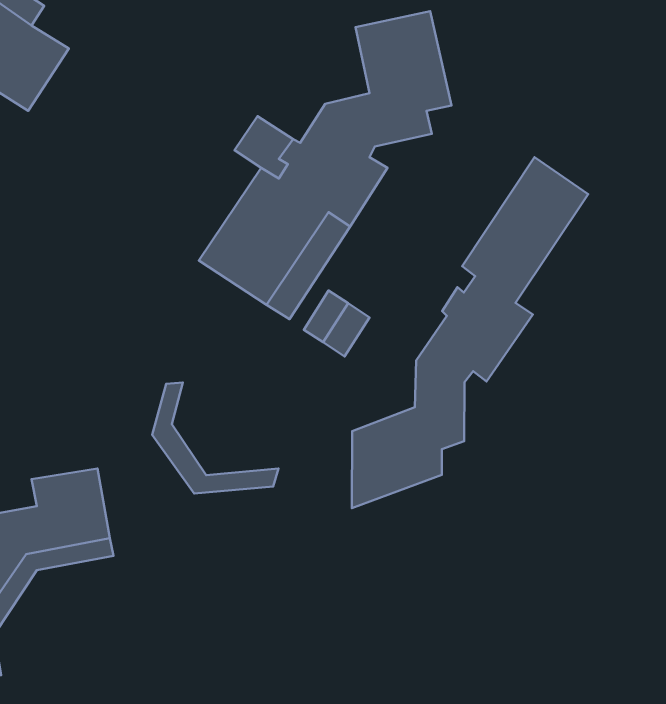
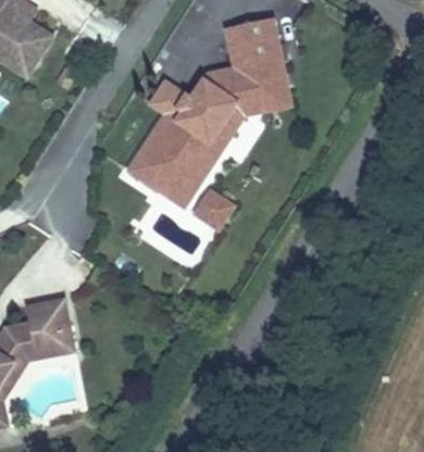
building: none -> [234,72,290,110]
building: [352,157,588,508] -> none
building: [152,383,278,494] -> none

